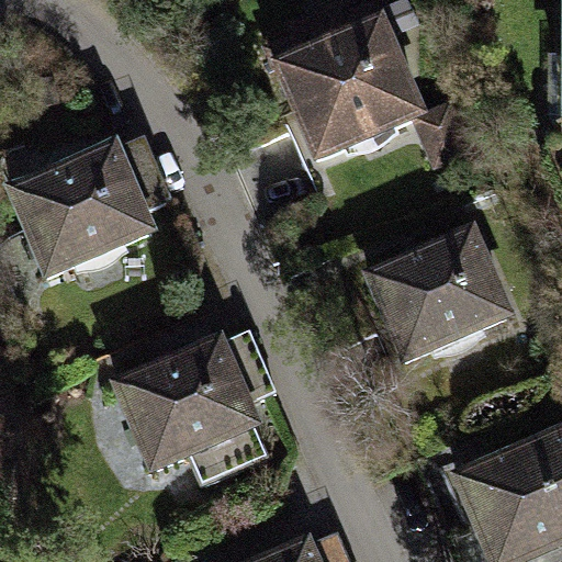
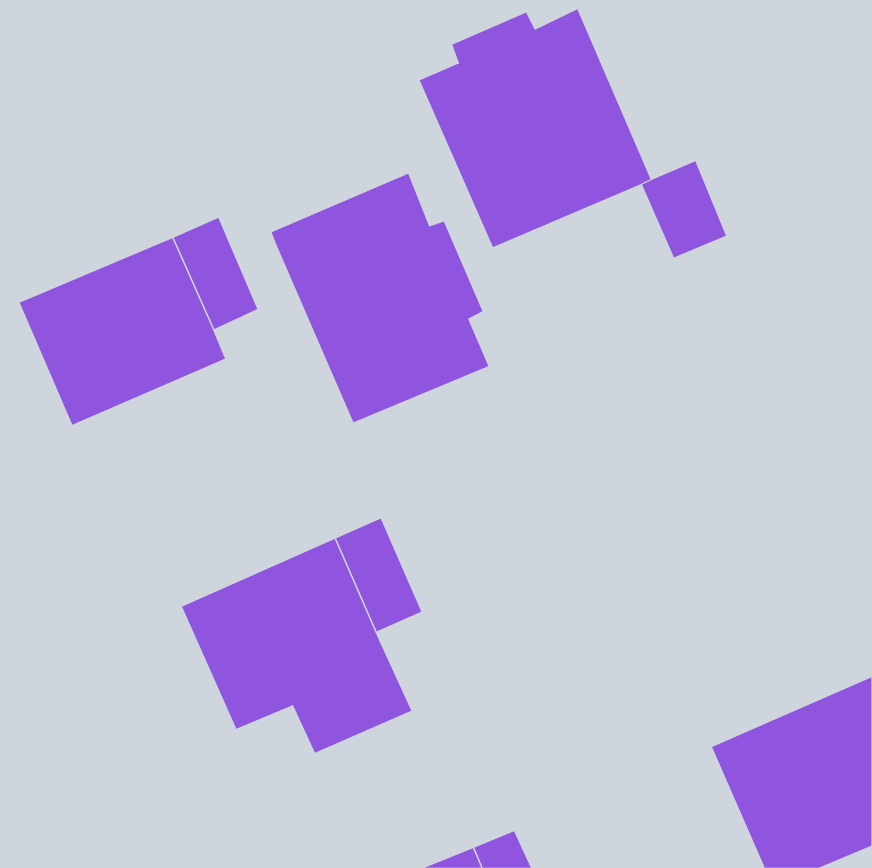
building: none -> [271,173,489,423]
building: [370,236,504,358] -> none

